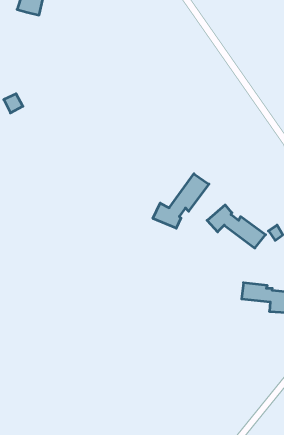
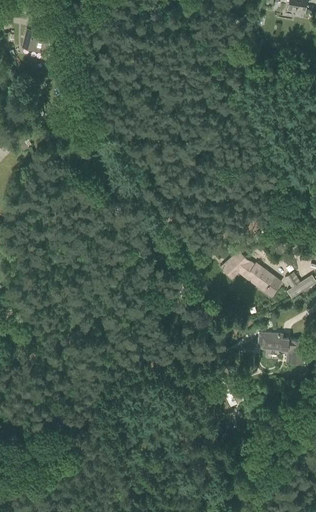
building: [153,174,209,228] -> none

